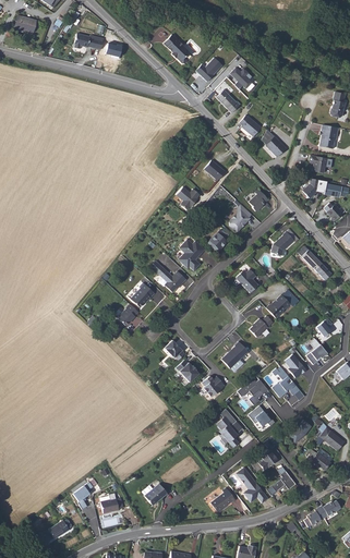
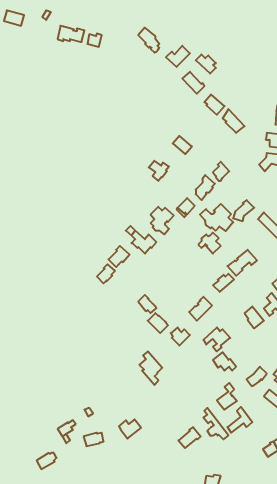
building: none -> [200,204,233,231]
building: [270,366,300,398] -> none
building: [216,409,242,447] -> [139,351,162,385]

